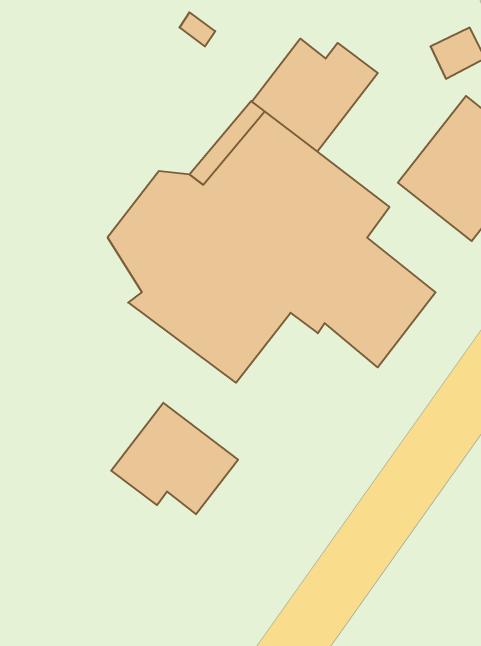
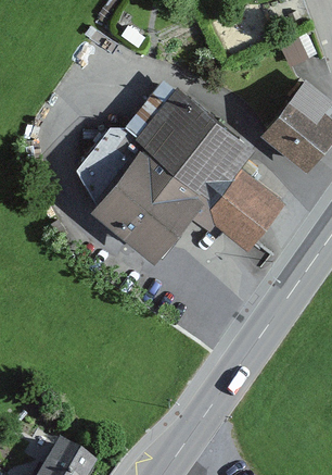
building: [252,39,378,151] -> none
building: [111,403,238,514] -> none

